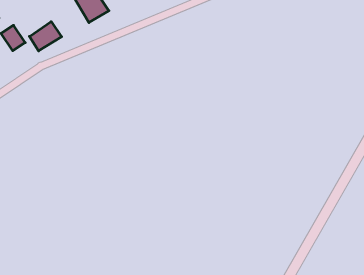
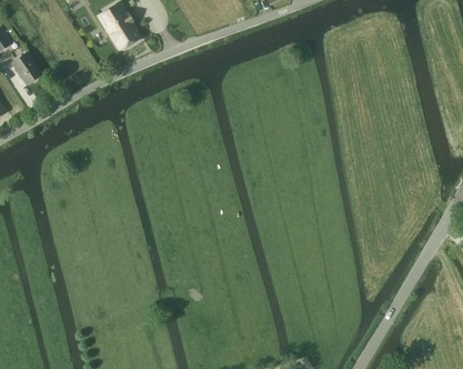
building: [29,22,62,51] -> none

